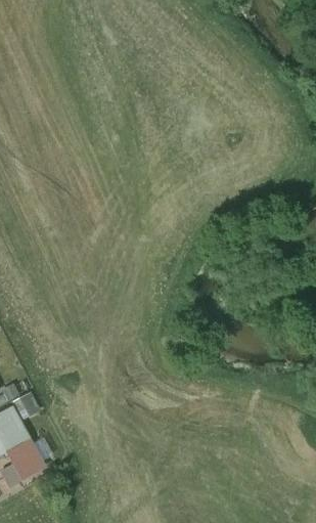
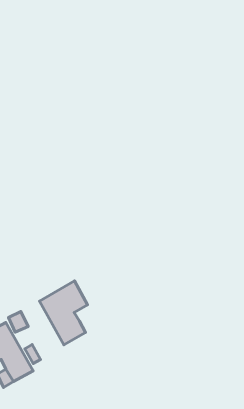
building: none -> [39,281,88,345]

